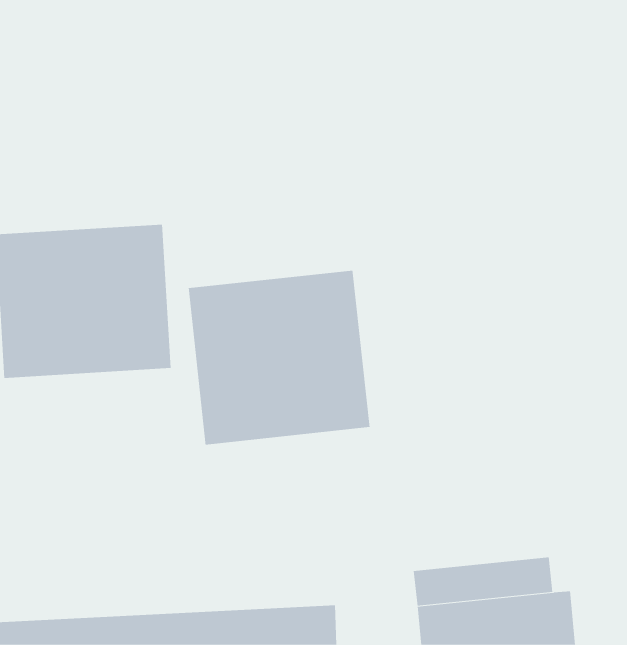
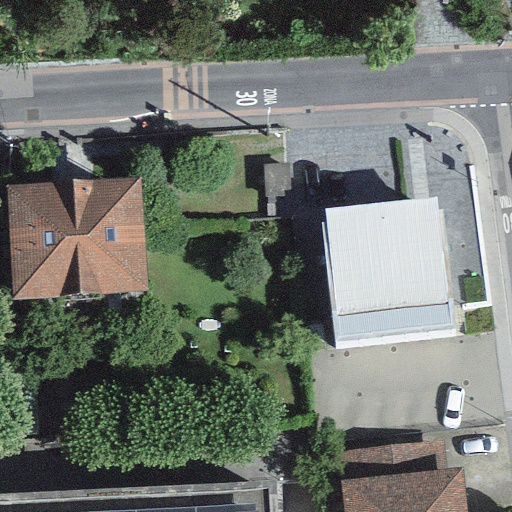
building: none -> [322,198,453,349]
building: [188,270,370,445] -> none

